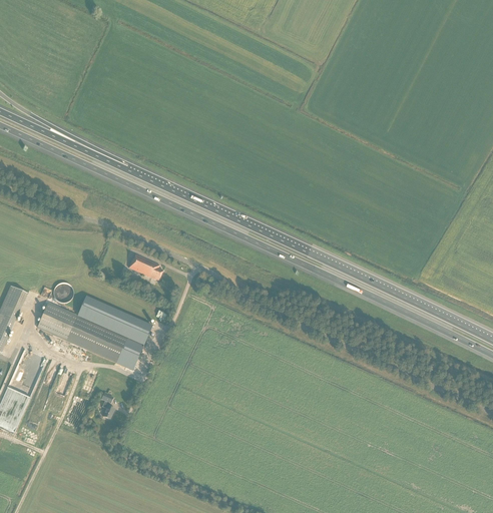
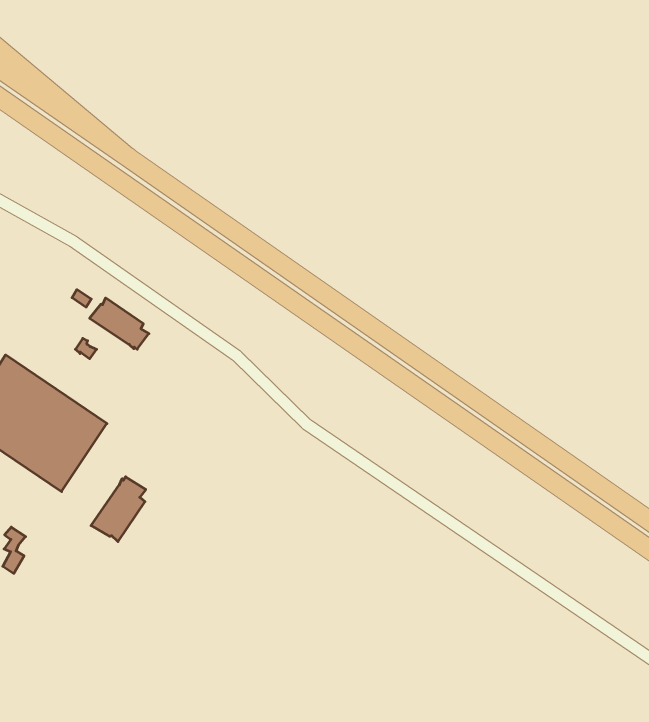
building: none -> [91,477,146,542]

